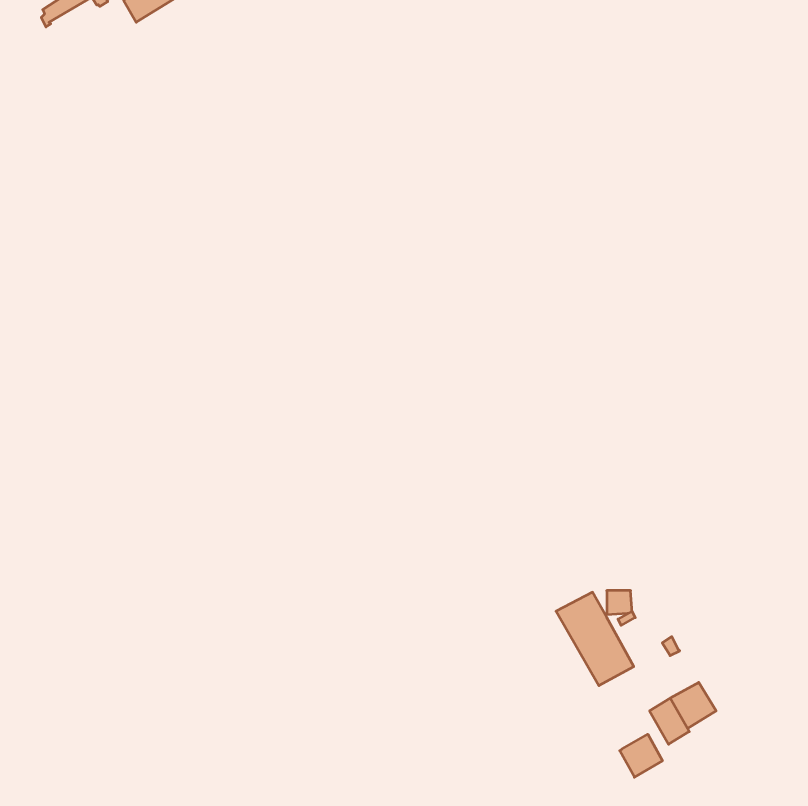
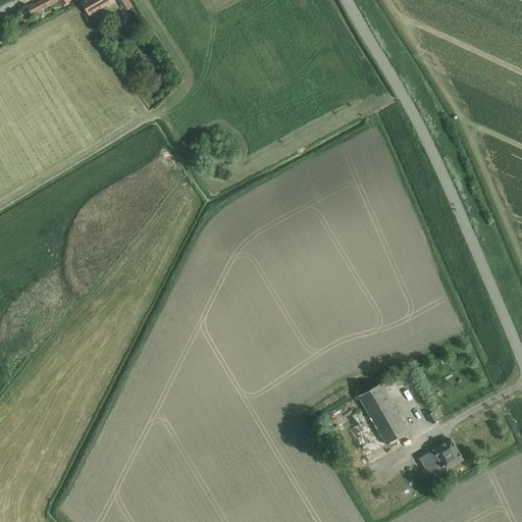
building: [620,734,662,777] -> none

